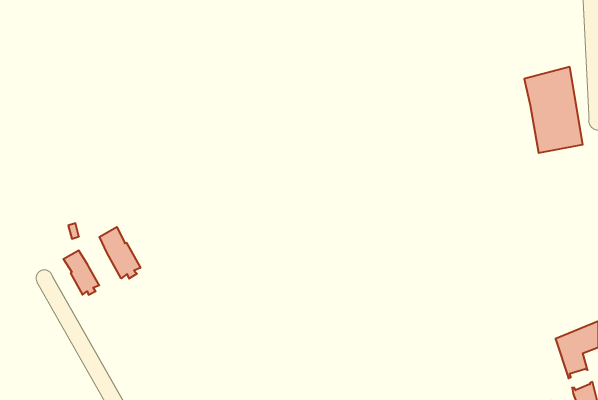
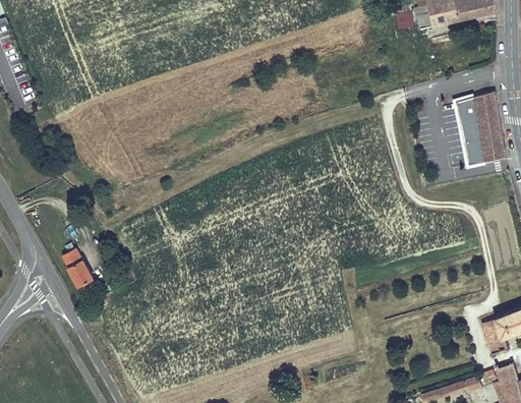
building: [99,227,140,279] -> none

